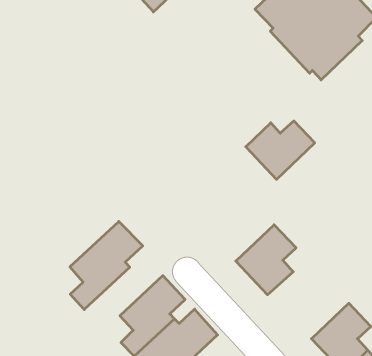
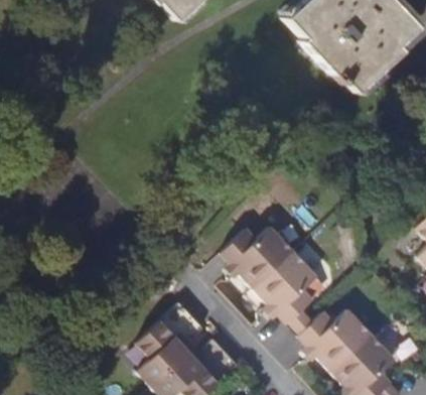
building: [246,121,315,179] -> [226,226,298,287]
building: [70,221,143,310] -> none
building: none -> [304,307,377,369]

